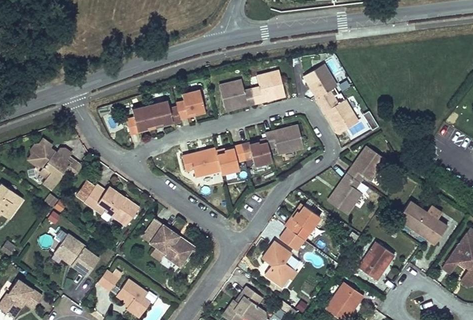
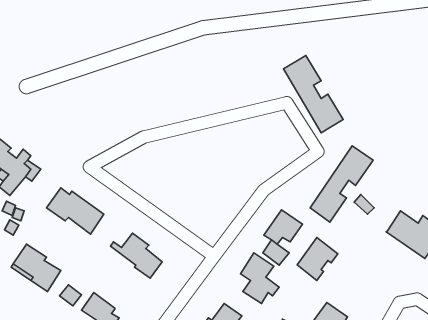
building: [217,68,285,110] -> none
building: [128,87,205,131] -> none
building: [182,124,303,177] -> none
building: [353,245,390,284] -> [297,237,338,280]

